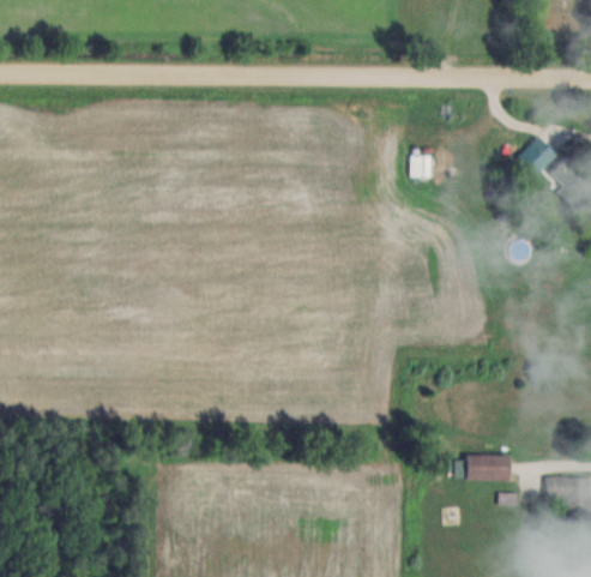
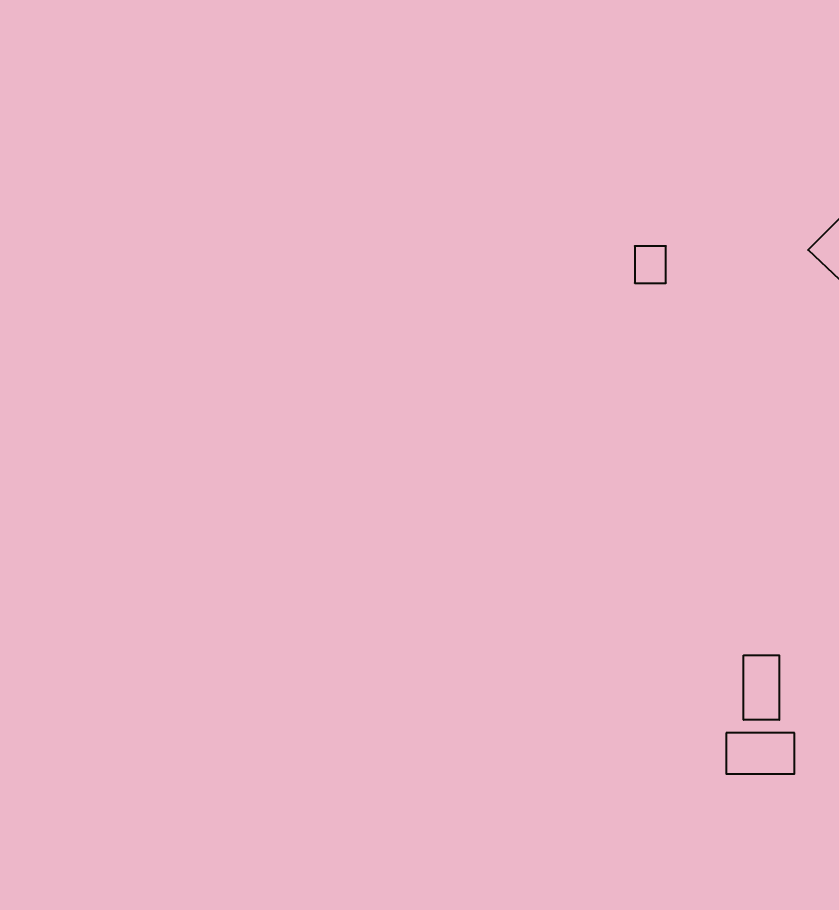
building: none -> [744,655,779,720]

